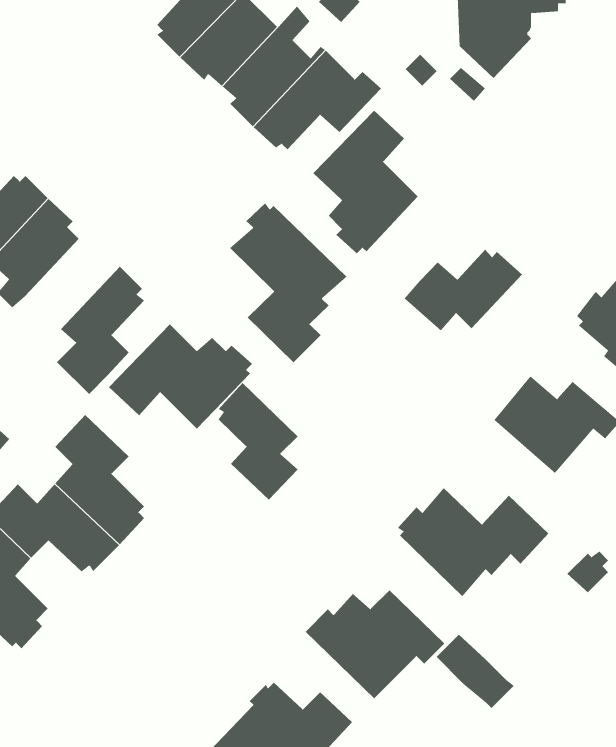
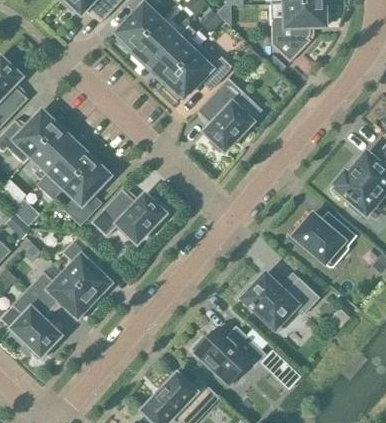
building: [229,202,348,363] -> none
building: none -> [47,144,96,191]
building: [404,249,523,331] -> none
building: [218,382,298,500] -> none

